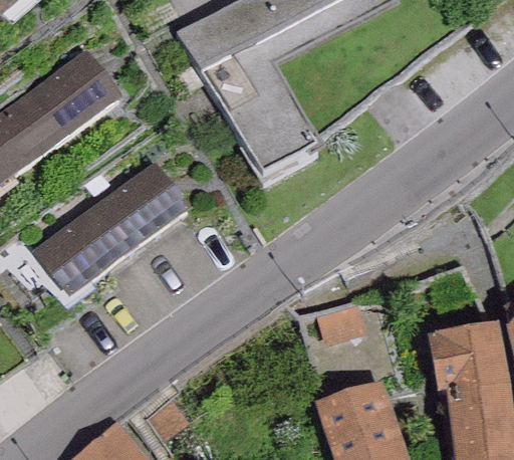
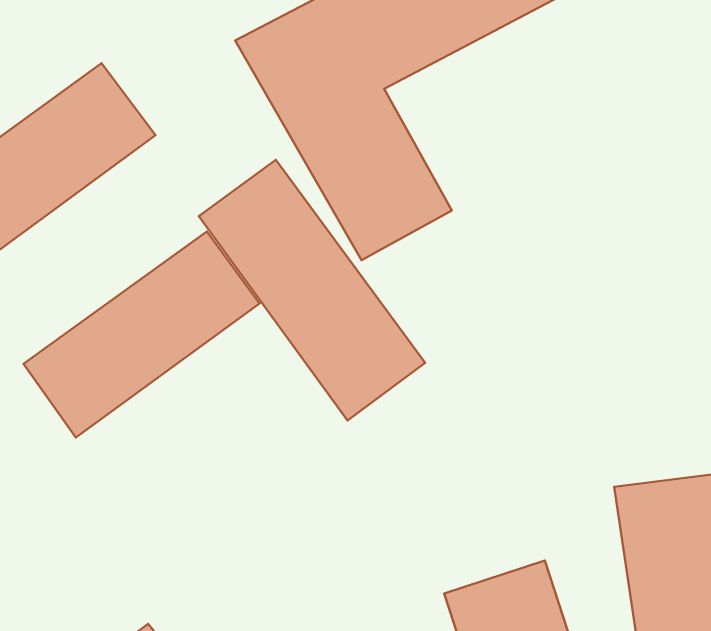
building: none -> [199,160,425,420]

